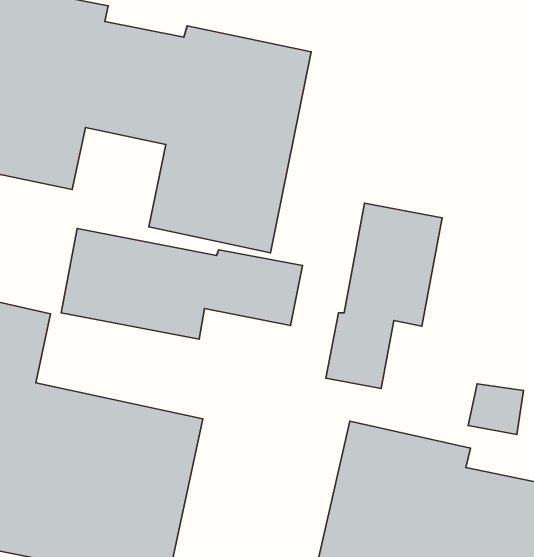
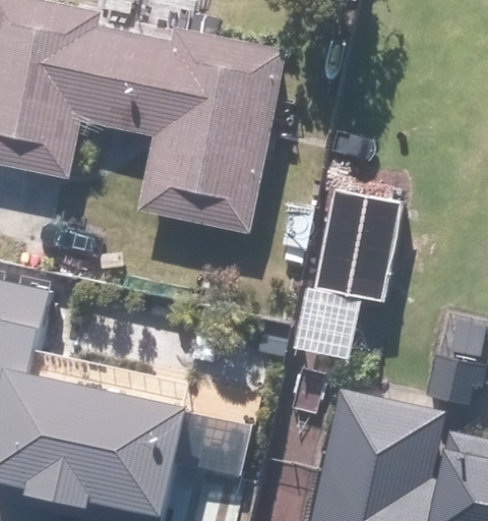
building: [61,229,302,339] -> none

